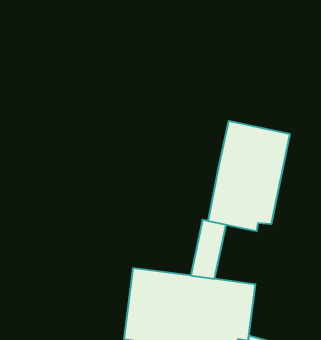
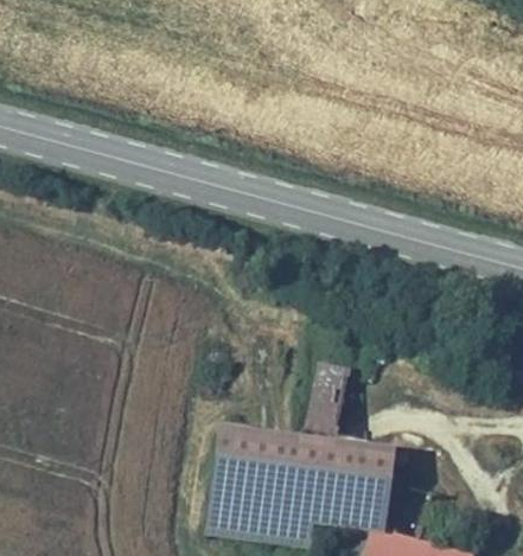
building: [208,121,290,231] -> none

